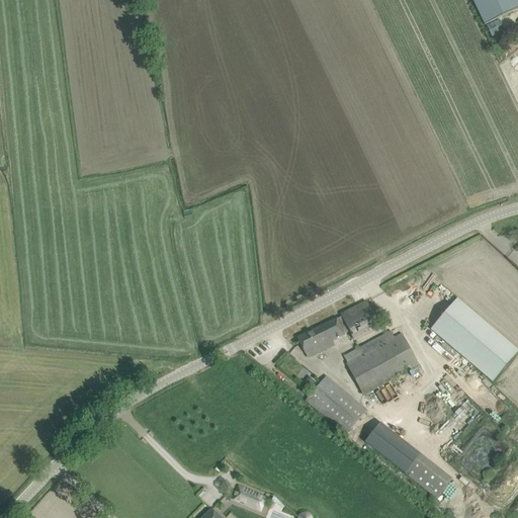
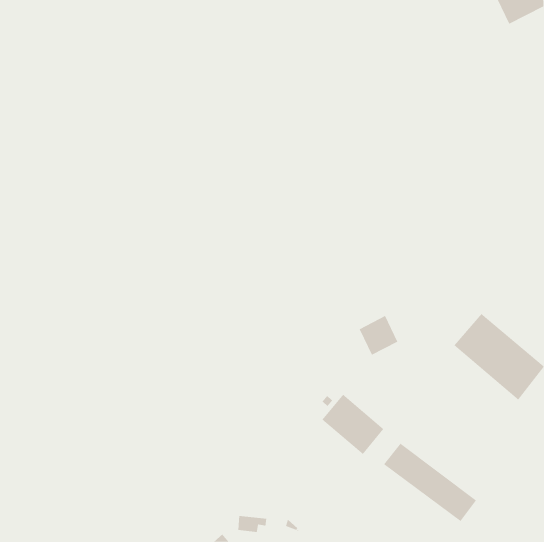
building: [297,317,344,351] -> none
building: [343,329,419,394] -> none

